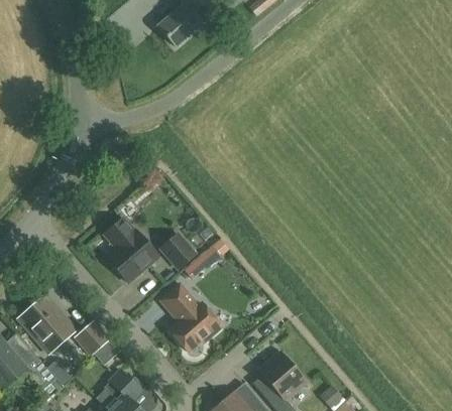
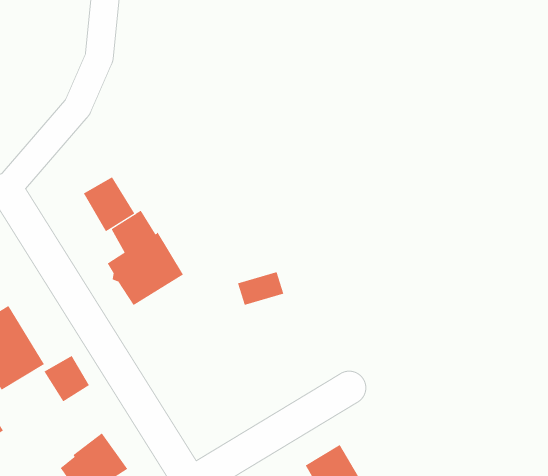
building: none -> [83,177,135,232]
building: [160,233,196,268] -> none
building: [160,283,222,352] -> none

